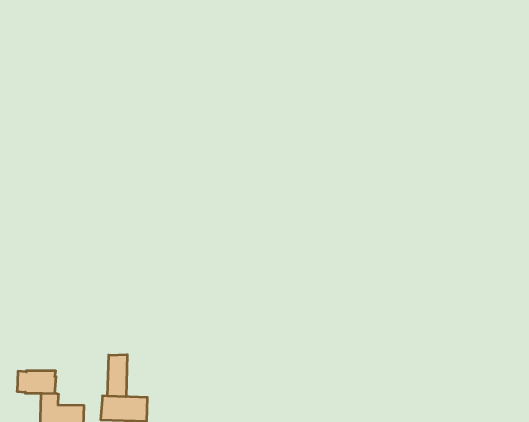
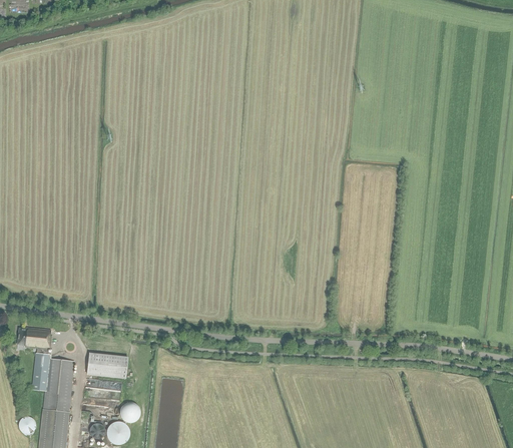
building: [108,355,127,397] -> none

